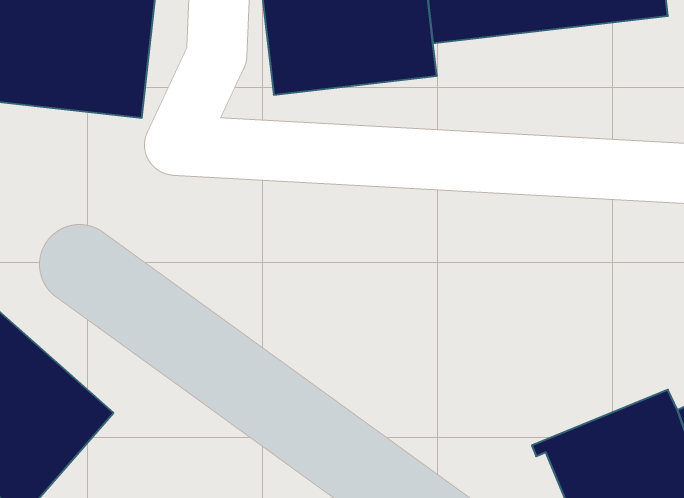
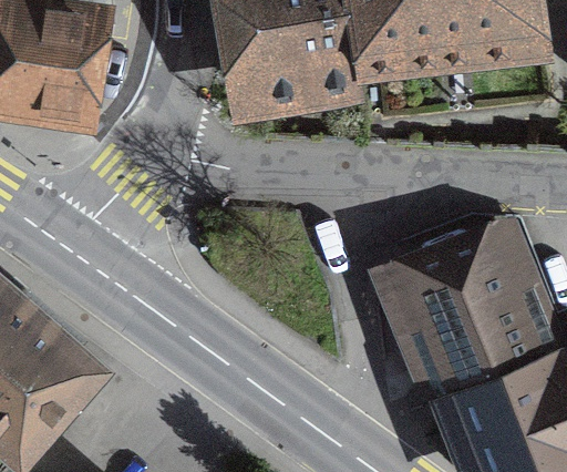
building: none -> [379,238,548,401]

